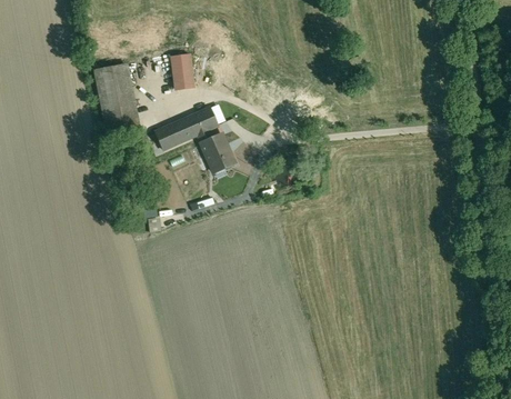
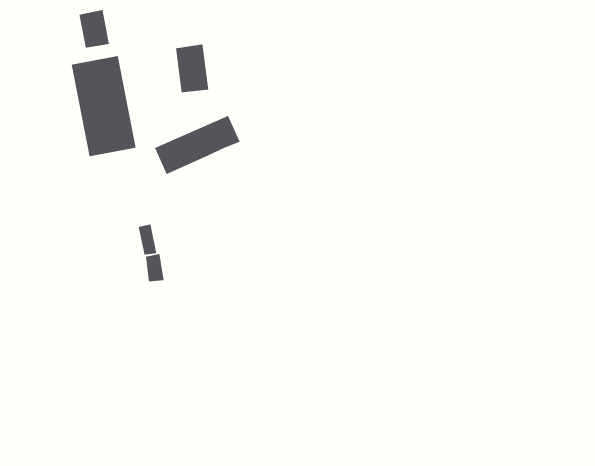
building: none -> [79,9,110,48]
building: [196,130,237,172] -> none

